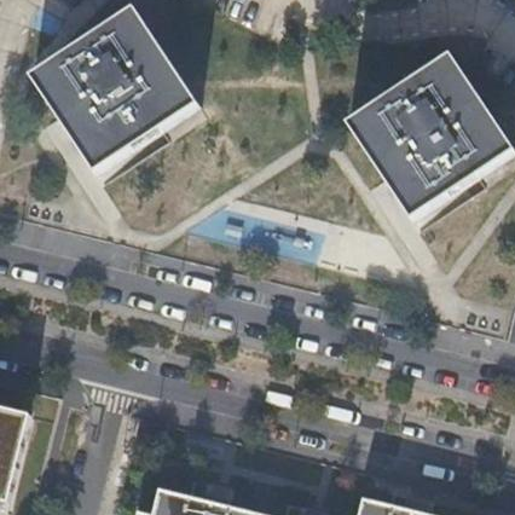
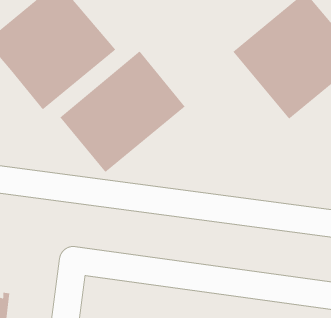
building: none -> [59,50,185,173]

